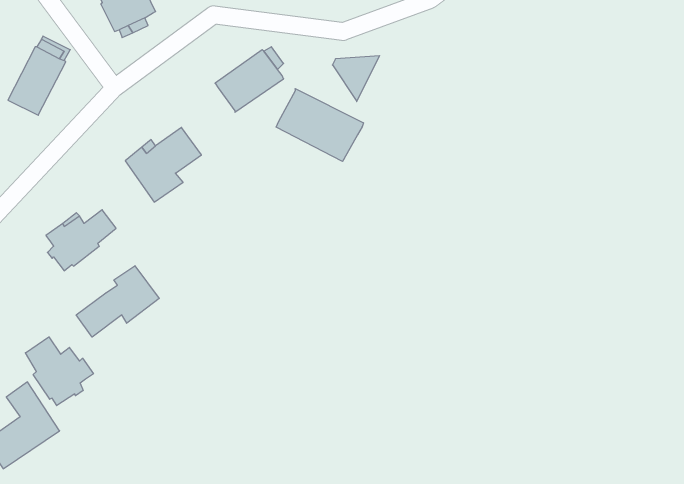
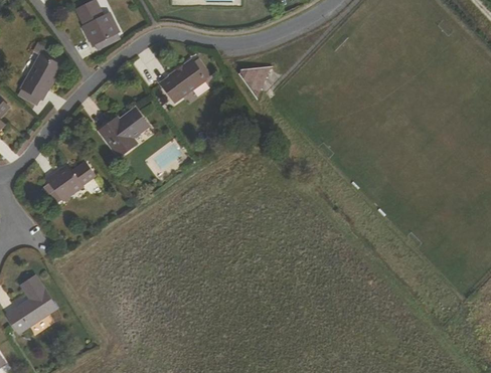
building: [276,89,363,161] -> none
building: [76,266,159,337] -> none
building: [25,337,93,406] -> none

